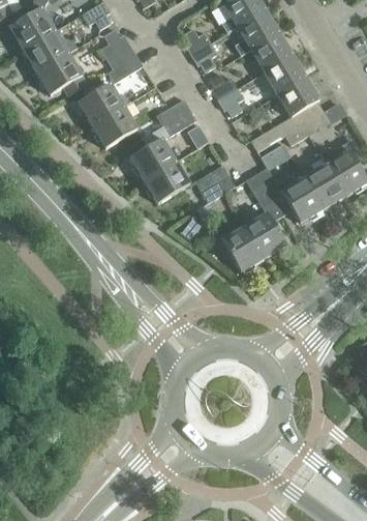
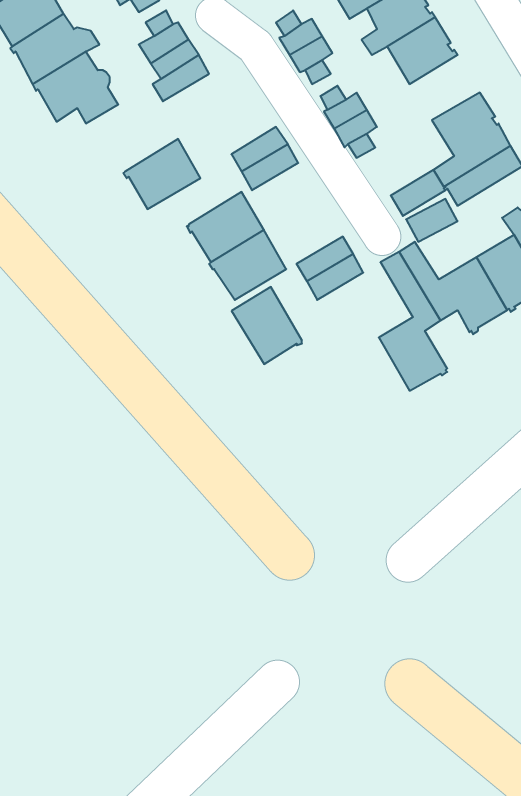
building: [264,55,306,94] -> none
building: [78,83,131,125] -> none
building: [221,226,264,272] -> [232,287,302,364]

